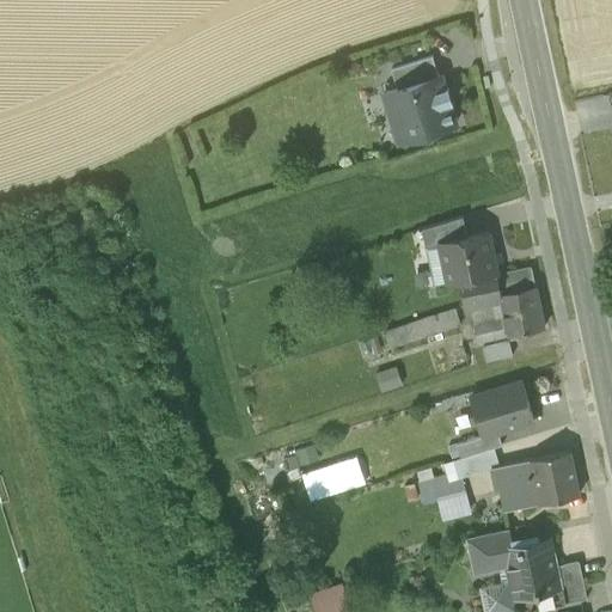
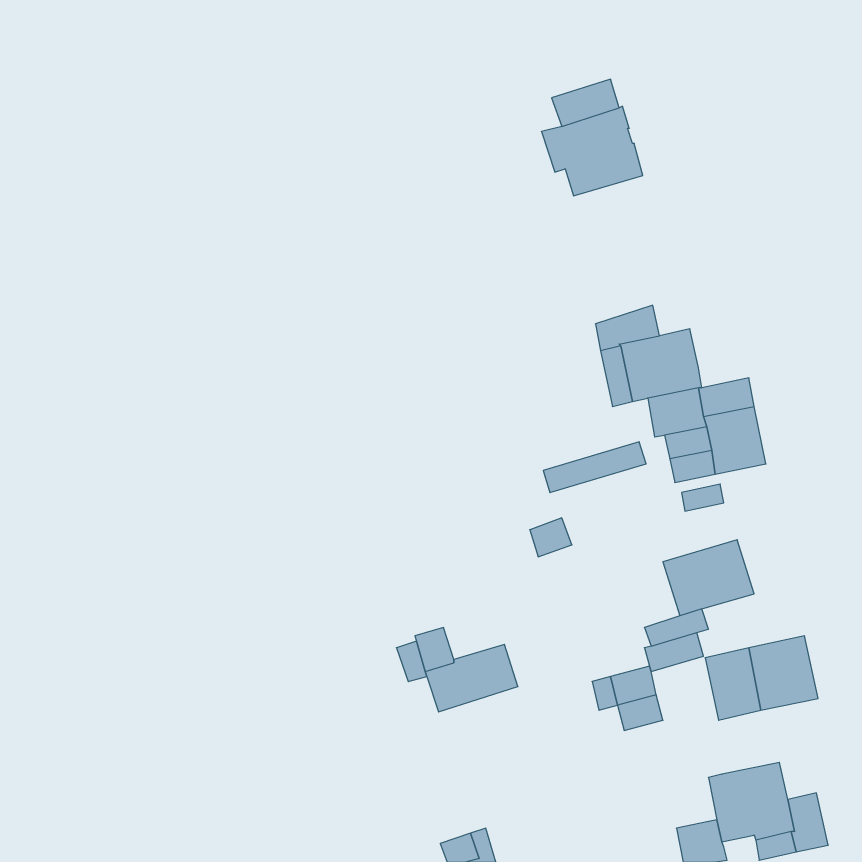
building: [466,530,512,574] -> none

